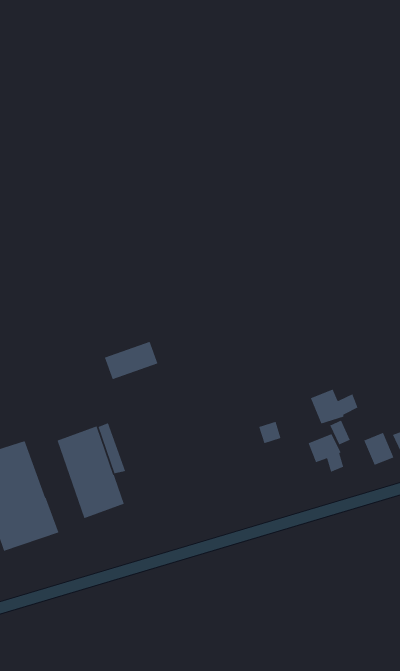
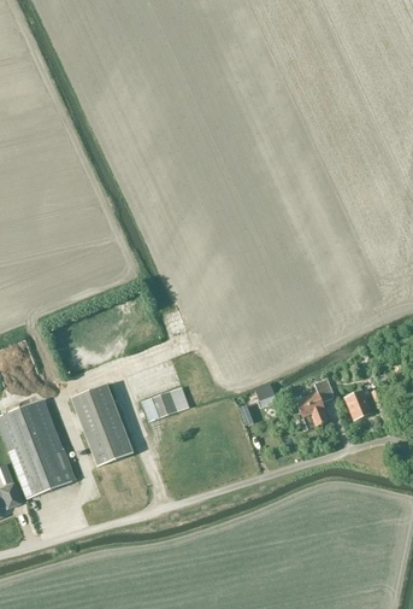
building: [104,341,158,380] -> [140,387,188,422]
building: [310,389,359,425] -> none

